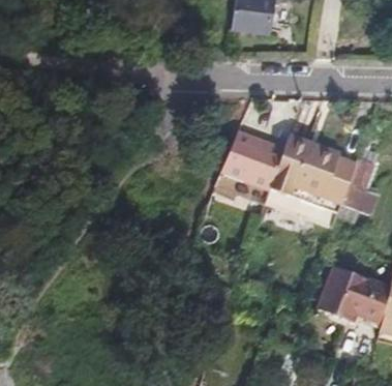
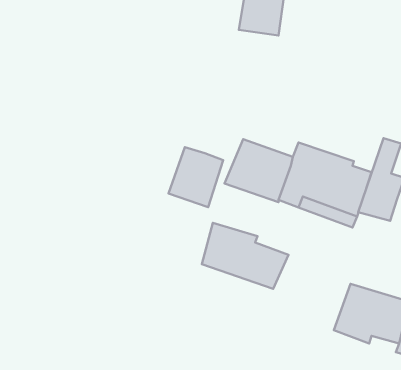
building: none -> [169,147,223,207]
building: none -> [202,223,289,289]

